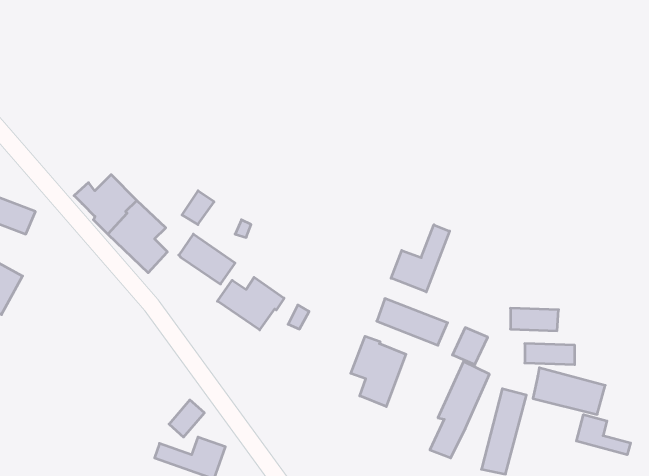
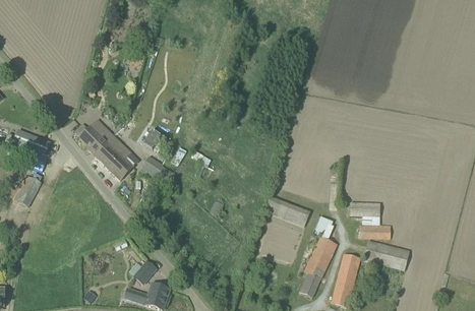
building: [391,225,450,292] -> none
building: [217,277,284,330] -> none
building: [351,336,406,407] -> none
building: [576,415,631,455] -> none

